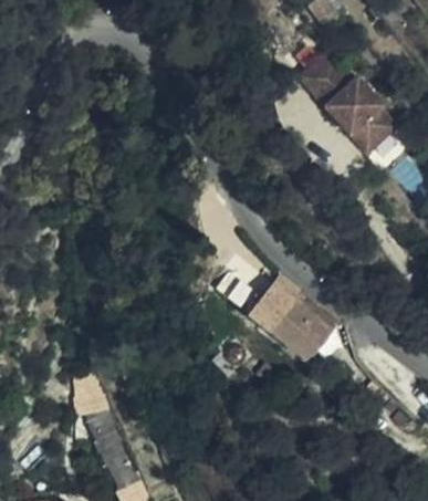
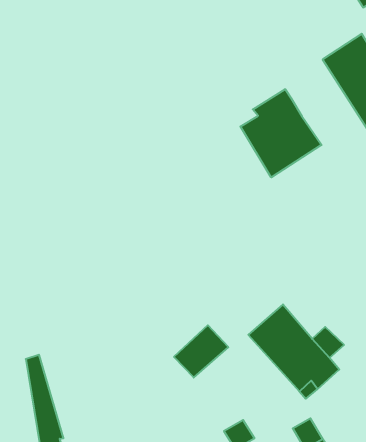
building: none -> [240,89,322,177]
building: [249,279,295,326] -> [174,325,228,378]

